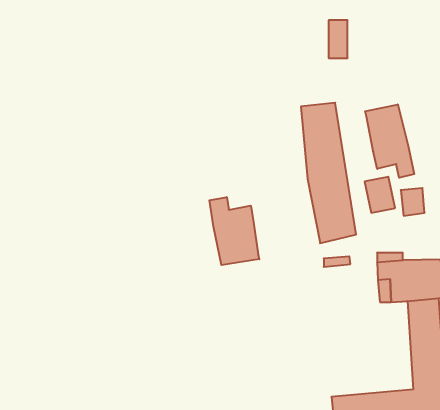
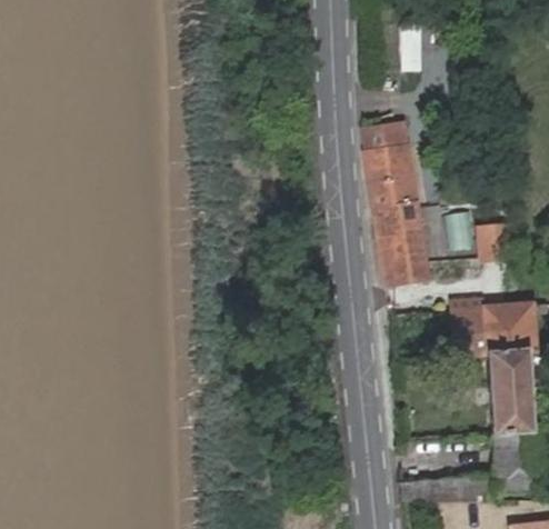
building: [365,104,414,178] -> none
building: [209,197,259,265] -> none

